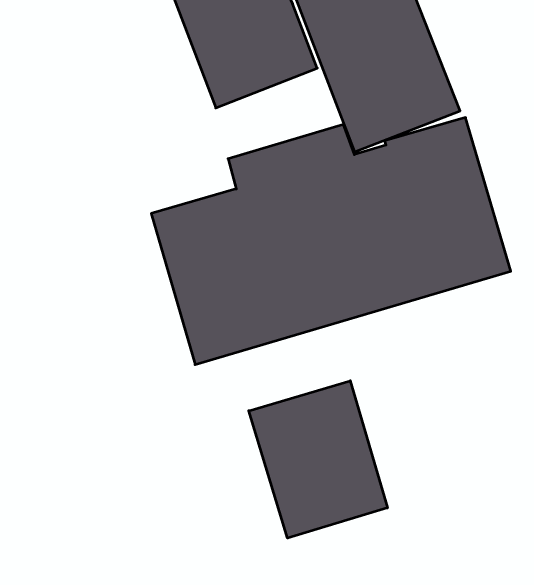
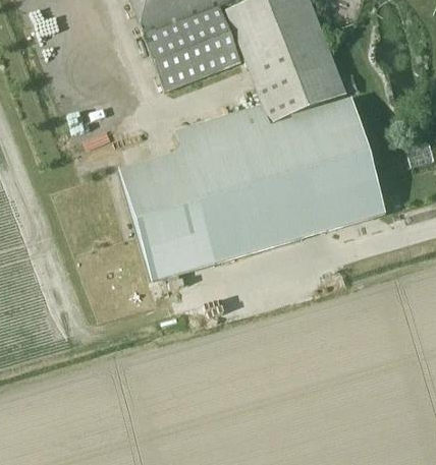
building: [249,381,387,538] -> none

